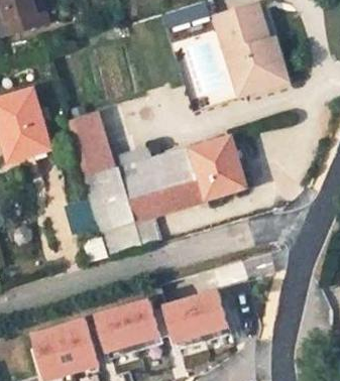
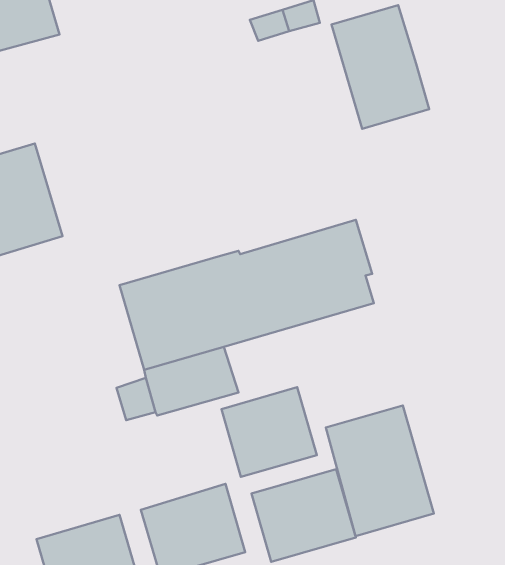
building: [233,38,286,95] -> none
building: [67,114,145,177] -> none
building: none -> [221,387,317,477]
building: none -> [326,406,434,536]

